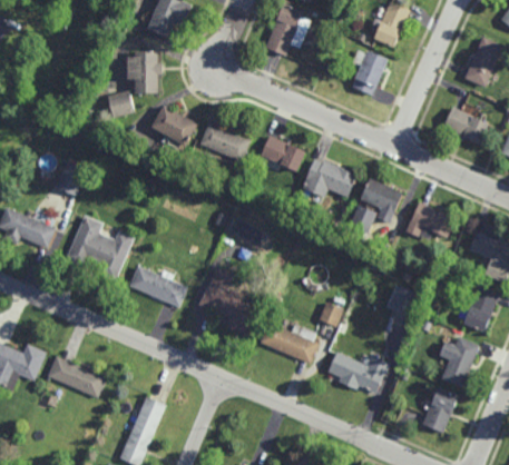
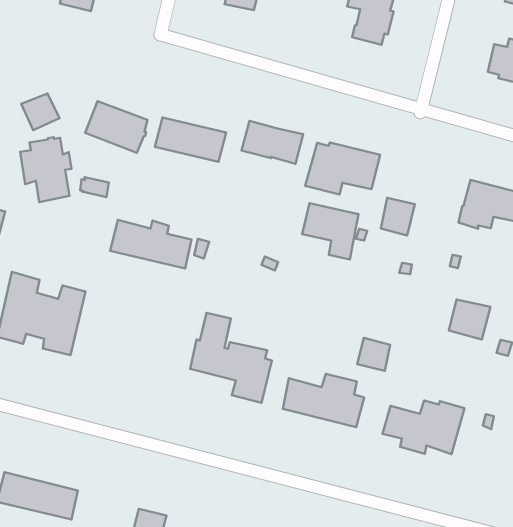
building: [127,52,161,97] -> [20,137,71,202]
building: [361,178,403,222] -> [302,203,358,259]
building: [128,265,187,307] -> [110,220,191,269]

